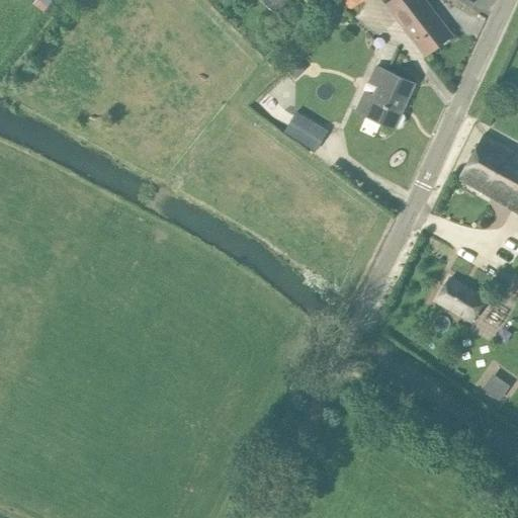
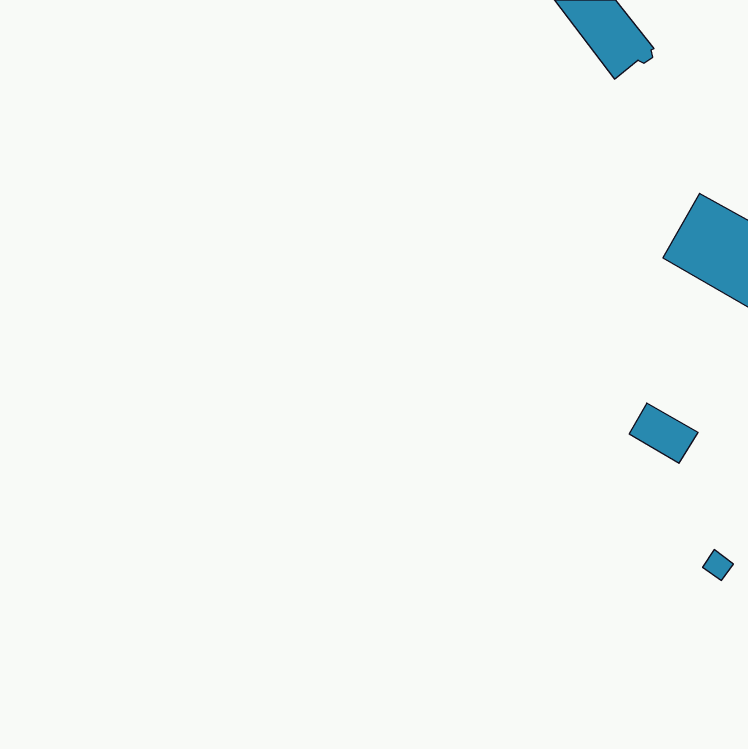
building: [356,65,415,126] -> none
building: [284,111,329,152] -> none

